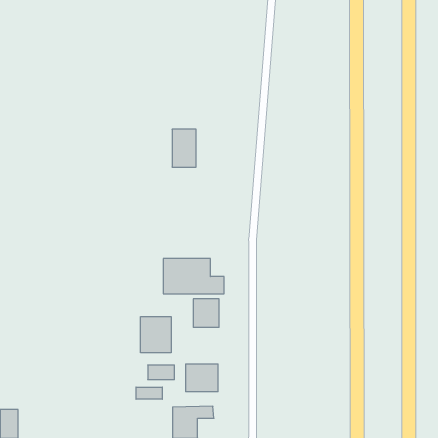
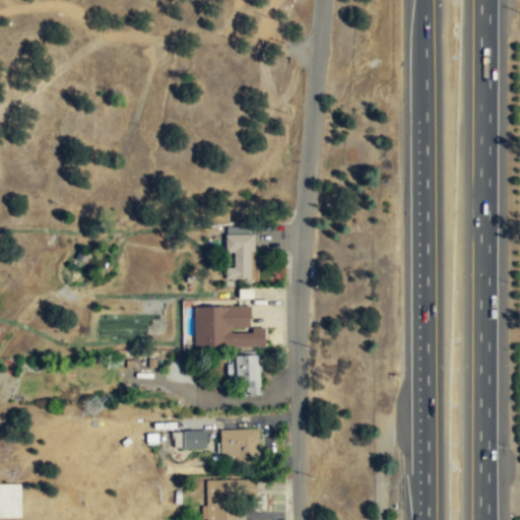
building: [172,129,196,167] -> [226,234,255,278]
building: [141,317,171,353] -> none
building: [136,387,162,399] -> none

